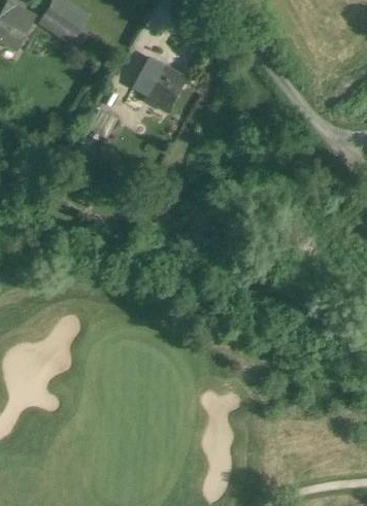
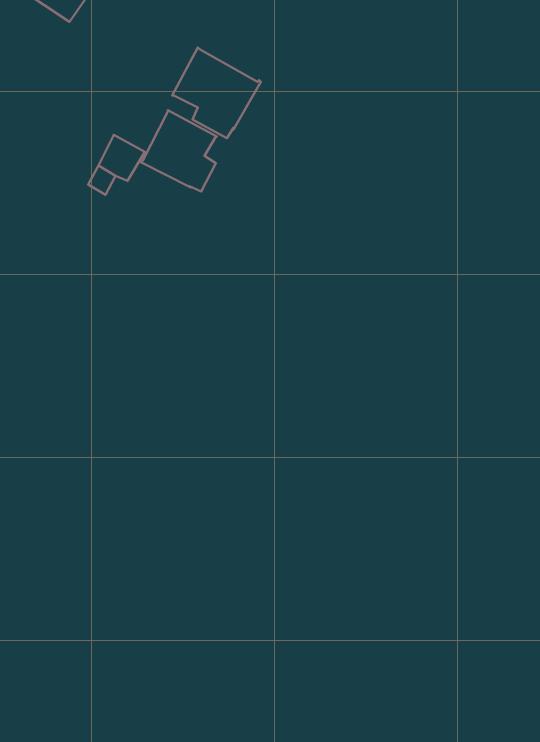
building: none -> [140,110,217,191]

